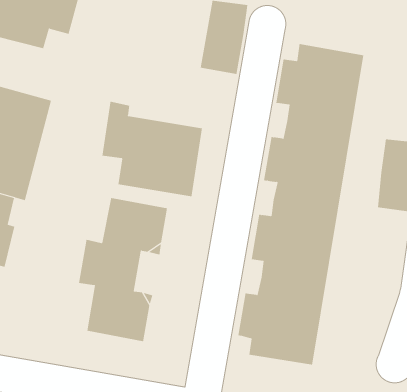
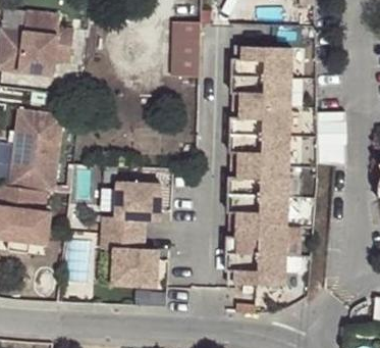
building: [102,101,203,197] -> none

